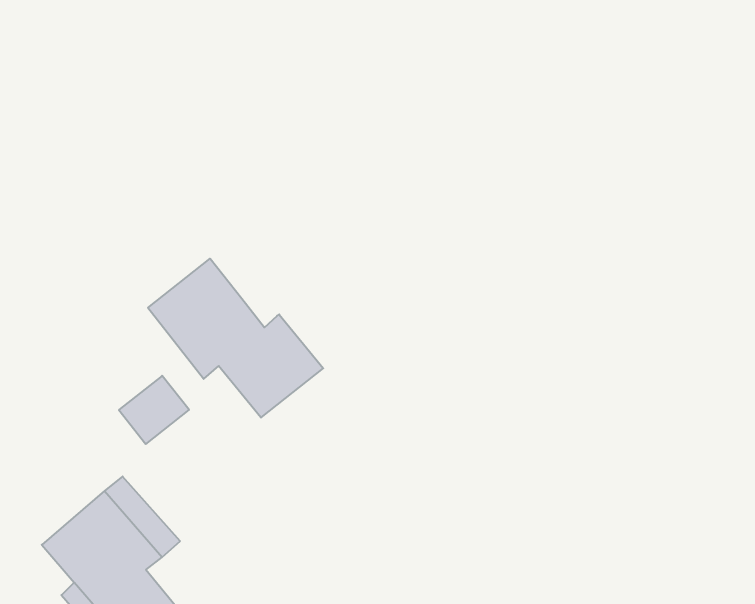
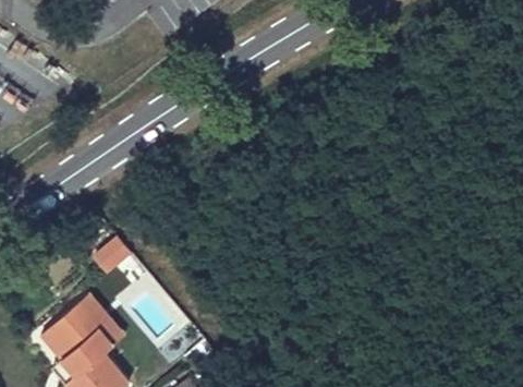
building: [148,259,323,418] -> none

